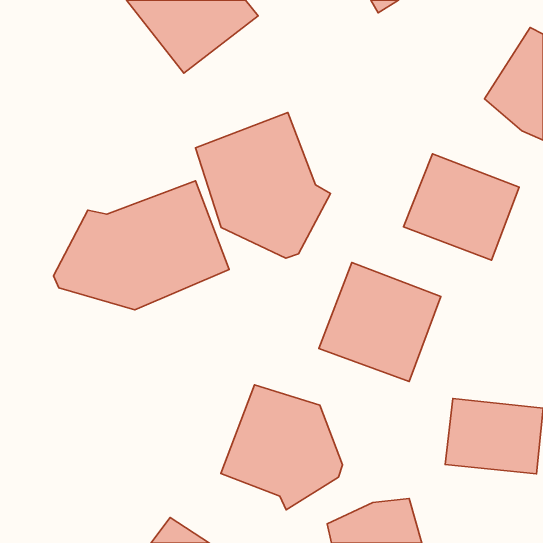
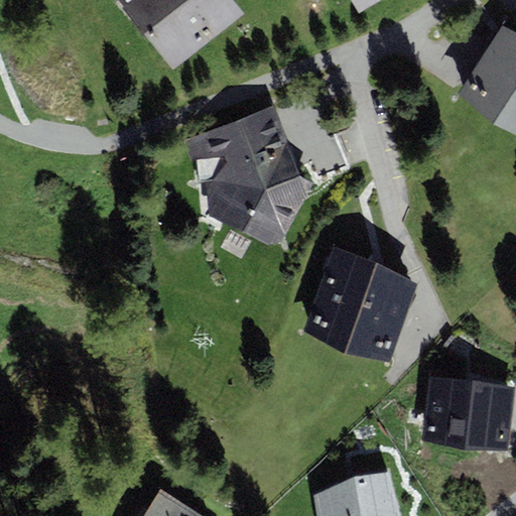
building: [403,154,519,260] -> none
building: [54,181,229,310] -> none
building: [221,385,343,510] -> none

